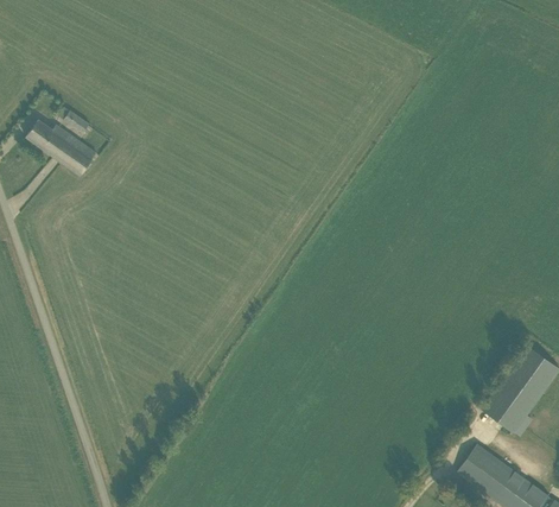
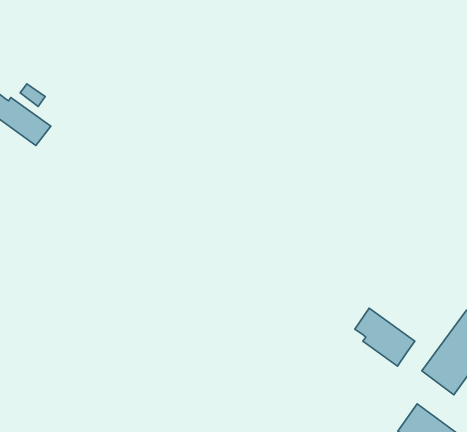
building: none -> [355,308,415,366]

